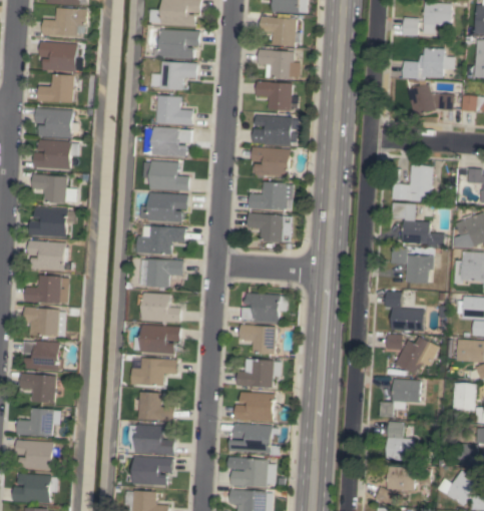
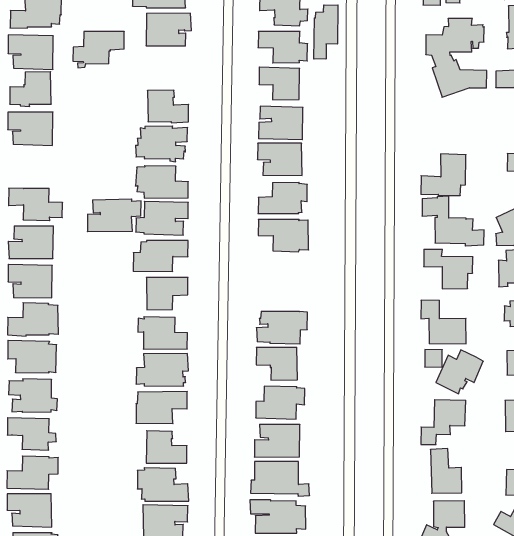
building: none -> [314,5,338,59]
building: [151,61,197,92] -> [73,32,124,68]
building: [33,140,81,169] -> [87,199,141,232]

